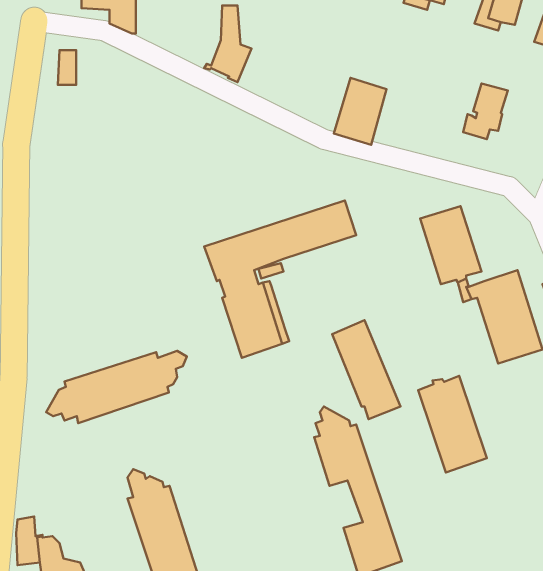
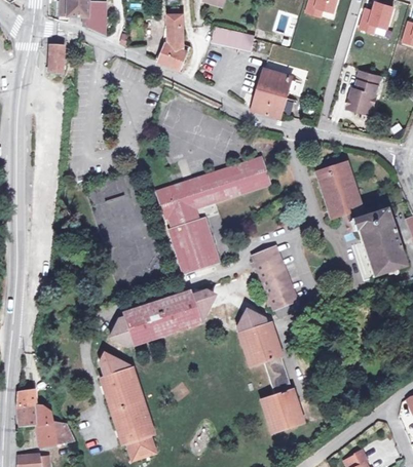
building: none -> [212,26,256,50]
building: [46,351,187,423] -> [110,290,214,344]
building: [418,376,487,472] -> none

